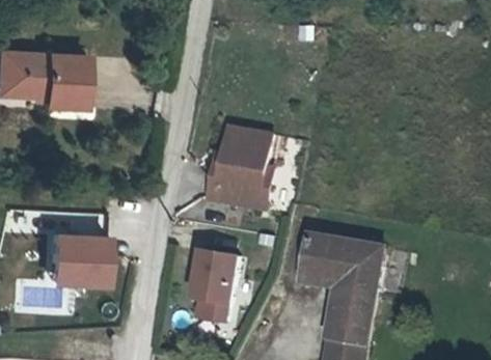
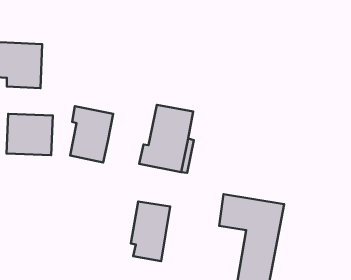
building: none -> [70,106,113,163]
building: [48,231,105,282] -> [7,114,53,155]

